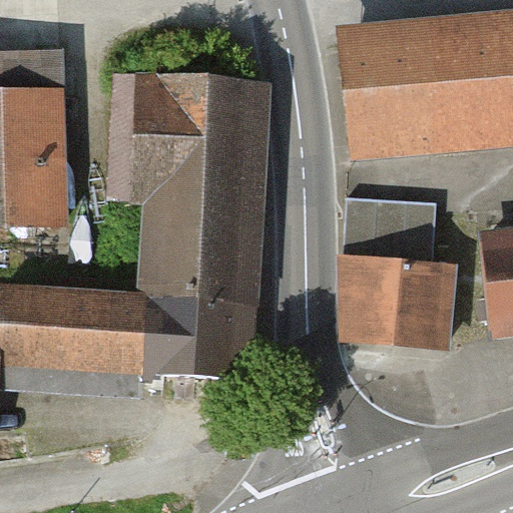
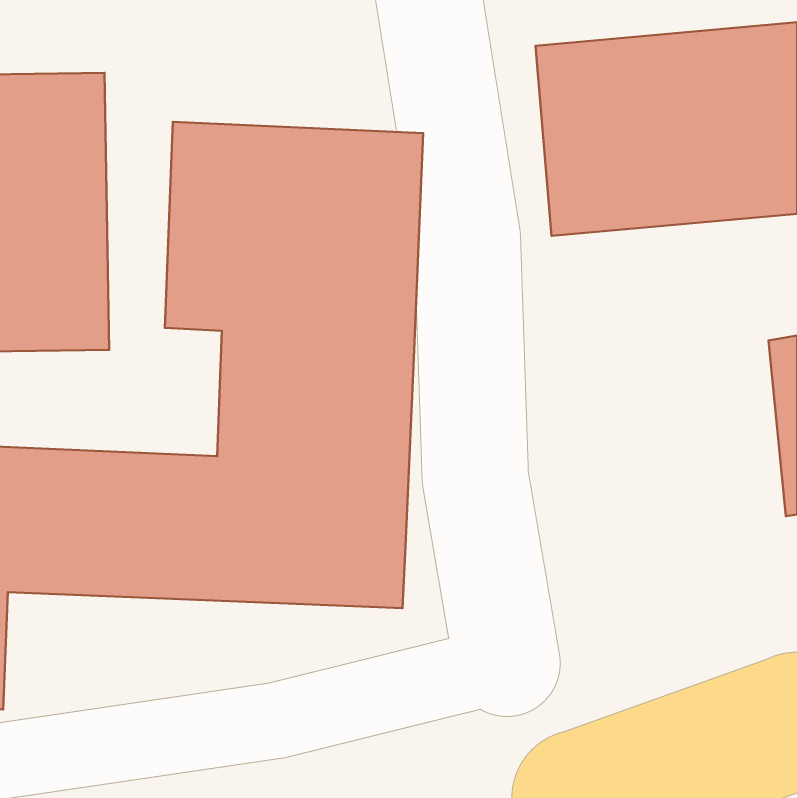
building: [344,190,438,241] -> none
building: [336,255,487,347] -> none

